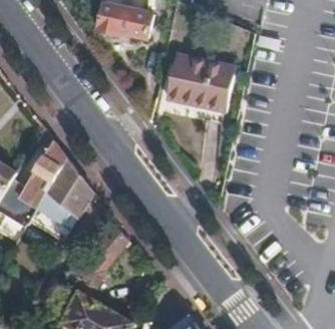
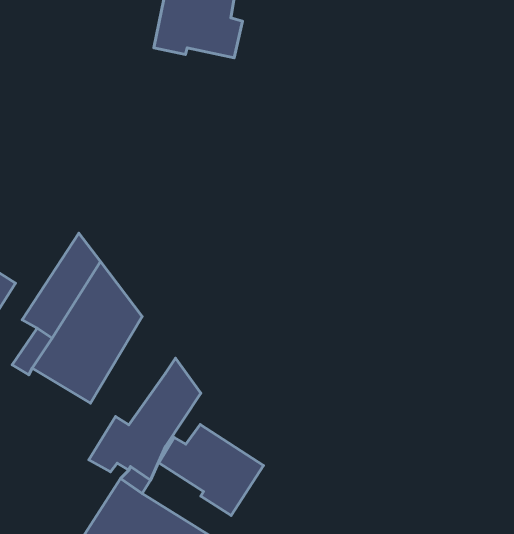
building: [168,55,231,110] -> none
building: none -> [159,424,263,515]

